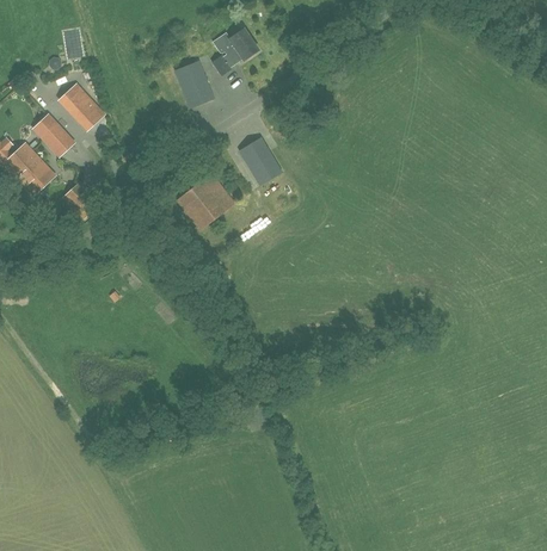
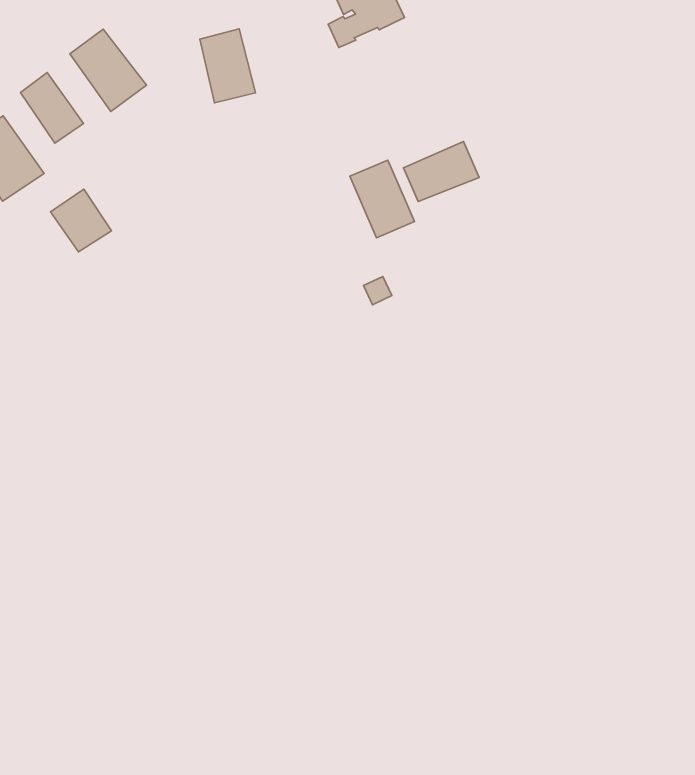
building: [174,61,213,107] -> [200,29,256,103]
building: none -> [403,141,479,202]
building: [176,173,234,230] -> none

